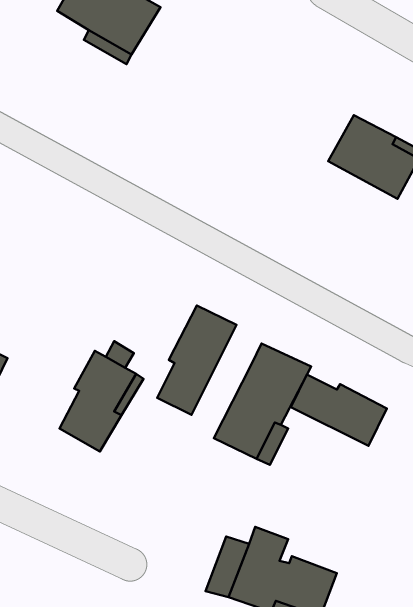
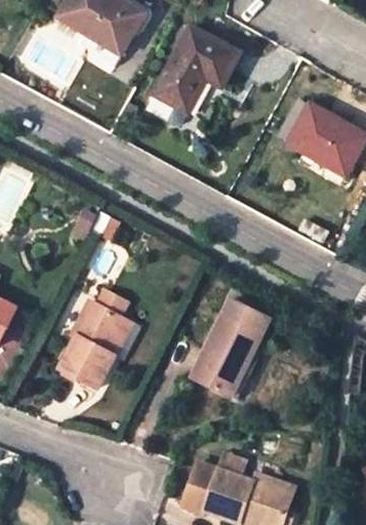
building: none -> [144,26,239,127]
building: [157,306,236,415] -> none
building: [291,375,387,446] -> none

